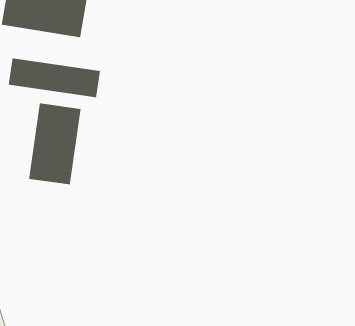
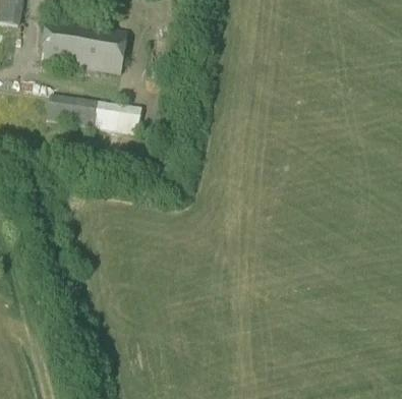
building: [28,103,81,185] -> none

